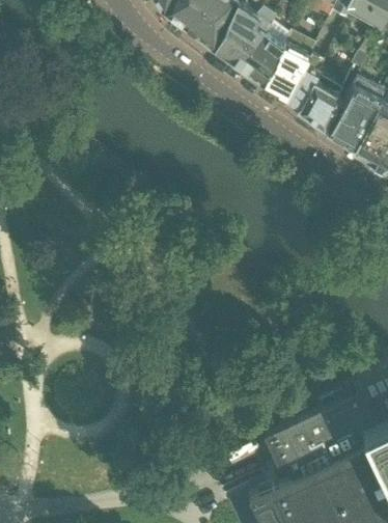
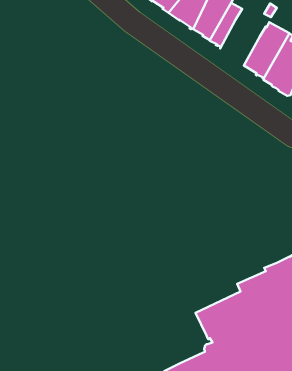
building: [297,75,342,128] -> none

